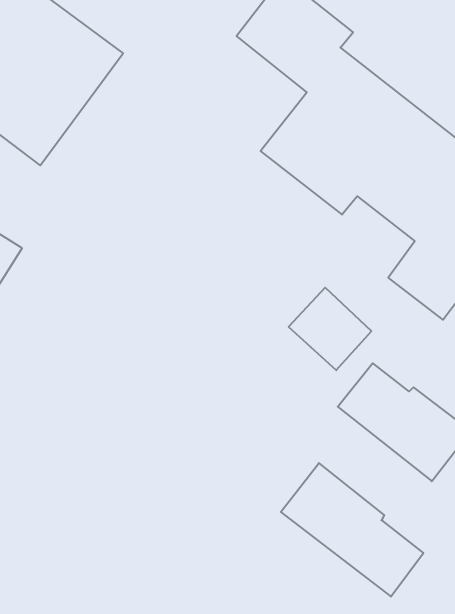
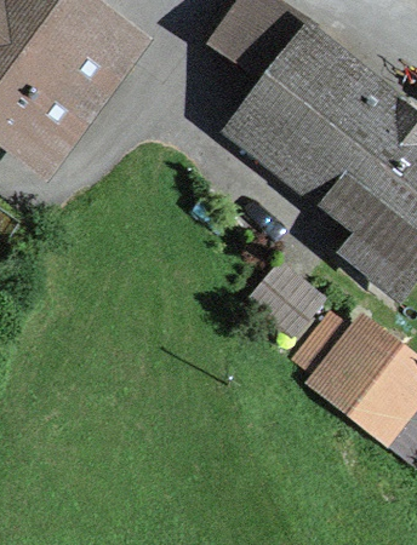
building: [281,463,423,597] -> none

